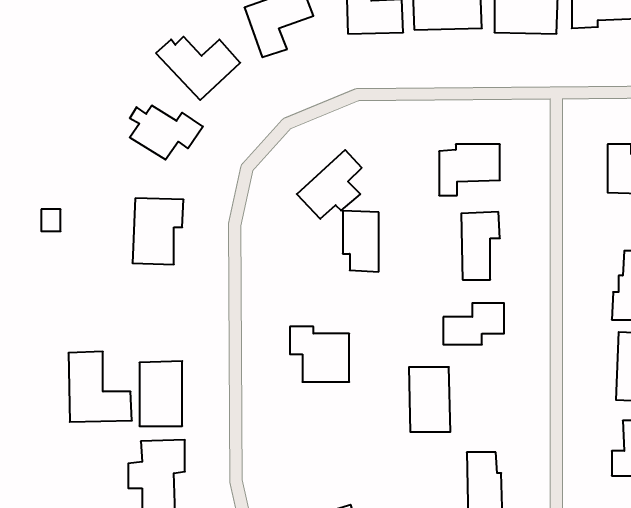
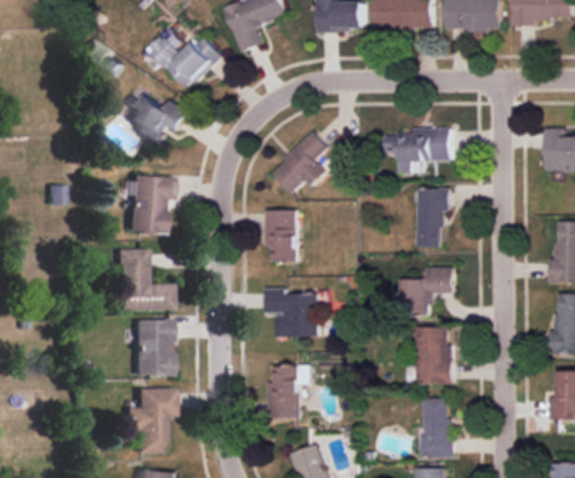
building: [343,211,379,272] -> [264,210,296,263]
building: [68,352,132,422] -> [115,249,171,311]
building: [409,367,450,432] -> [414,328,450,385]
building: none -> [267,365,308,419]

